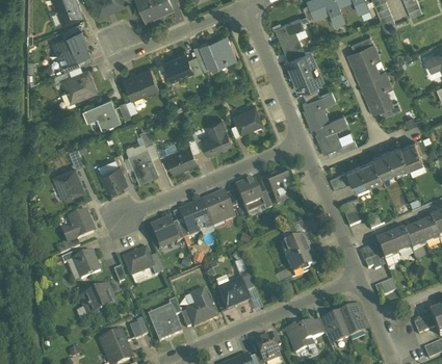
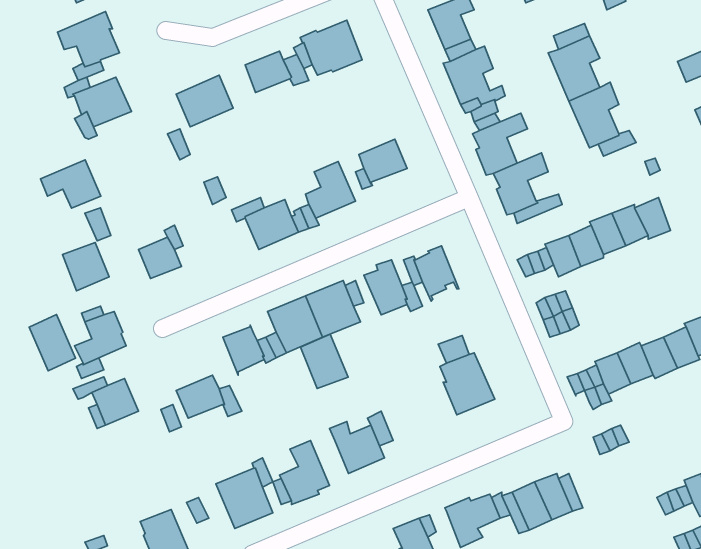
building: [83,98,120,127] -> [41,160,101,208]
building: [128,148,157,182] -> none
building: none -> [29,315,76,371]
building: none -> [300,334,348,389]
building: [79,285,112,314] -> none

